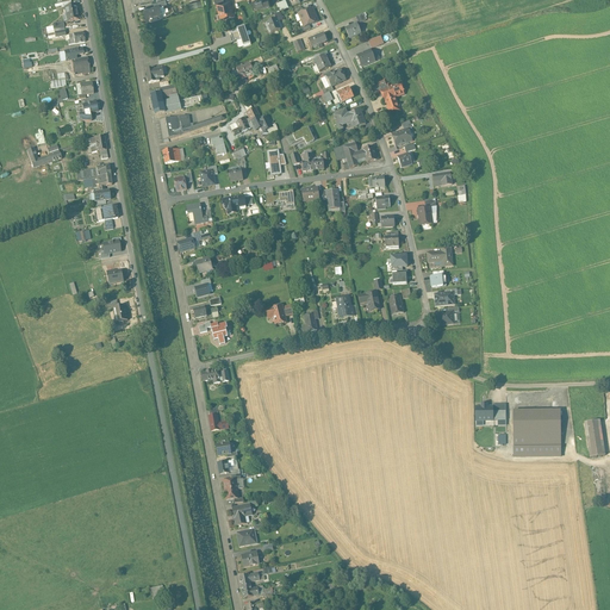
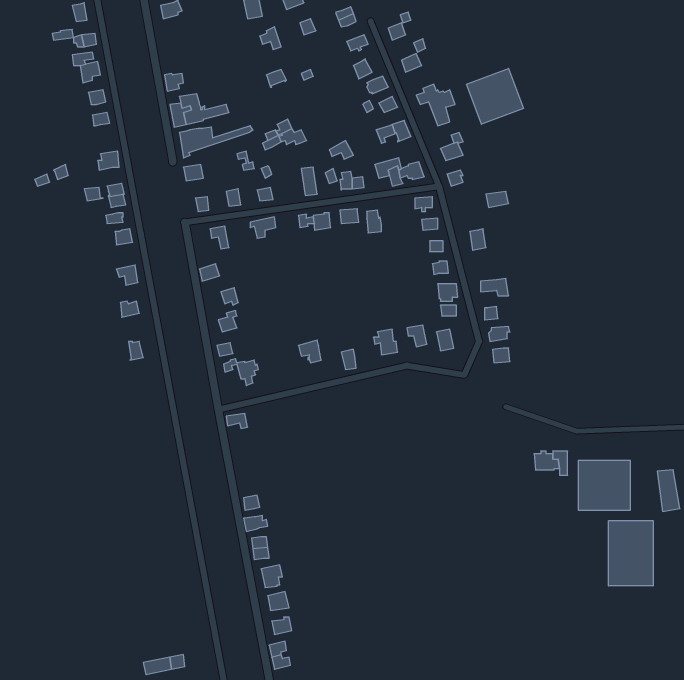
building: none -> [466,68,524,124]
building: none -> [609,521,653,586]

